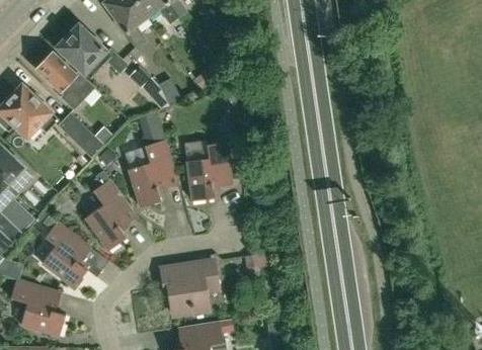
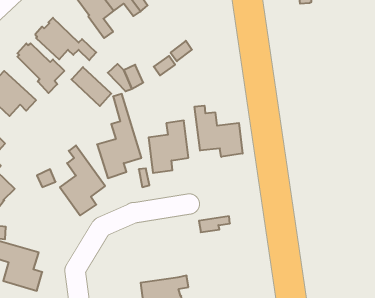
building: [58,112,103,157] -> [71,67,111,106]
building: none -> [195,106,243,157]
building: [42,213,90,286] -> none
building: [161,260,218,314] -> none

